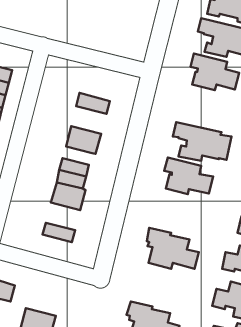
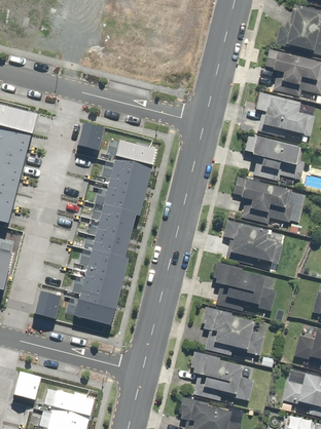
building: none -> [78,121,104,148]
building: none -> [245,133,305,182]
building: none -> [109,157,152,191]
building: none -> [99,206,135,229]
building: none -> [212,261,276,311]
building: none -> [78,275,120,309]
building: none -> [35,288,61,316]
building: none -> [190,351,254,400]
building: none -> [54,389,95,414]

